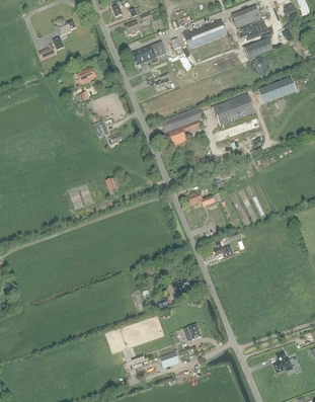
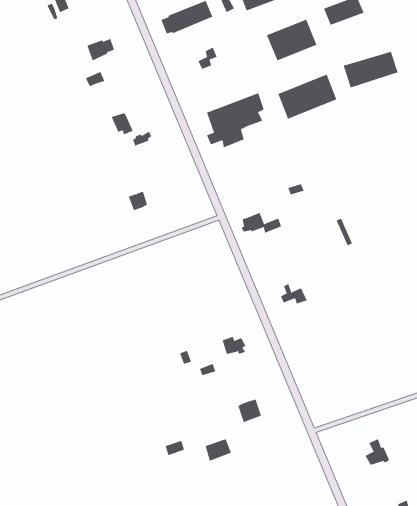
building: none -> [266,19,317,61]

